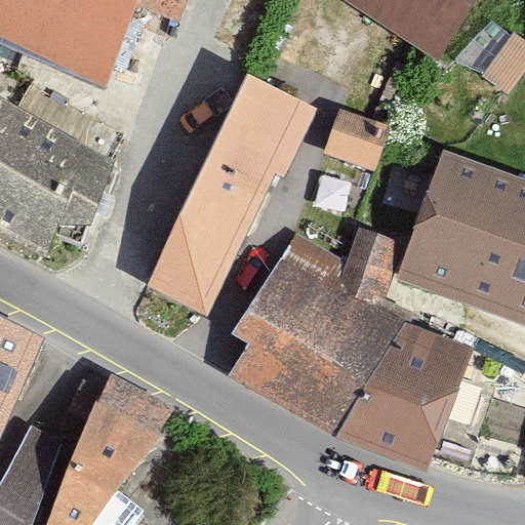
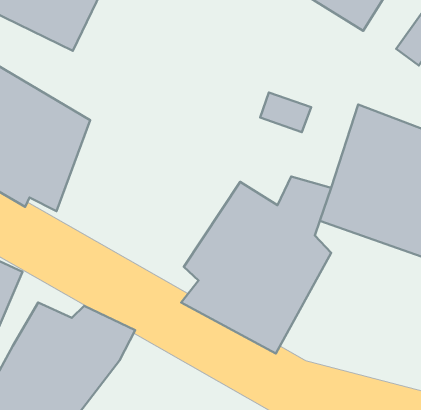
building: [140,75,311,319] -> none
building: [338,318,473,467] -> none

